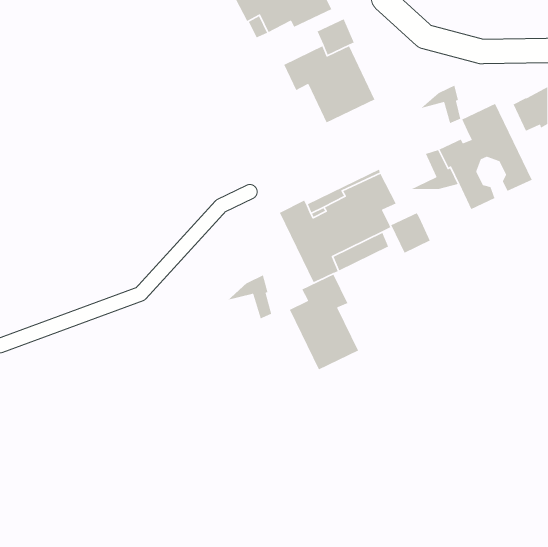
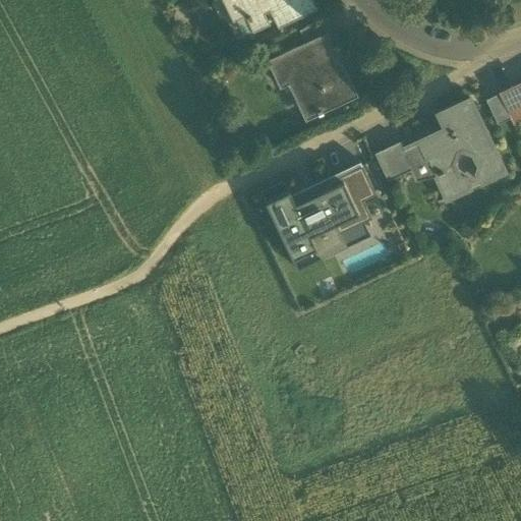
building: [418,85,461,124] -> none
building: [390,212,431,254] -> [374,140,413,180]
building: [289,274,359,370] -> none
building: [227,274,272,319] -> none

